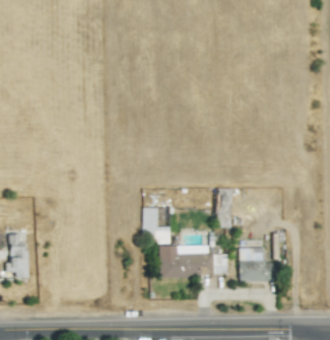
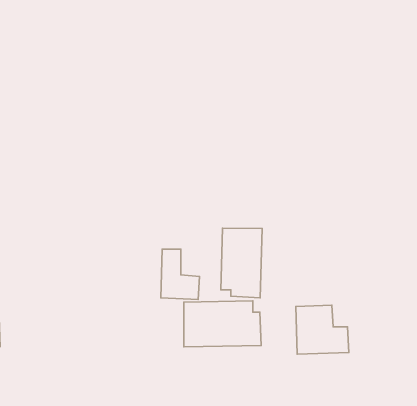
building: none -> [221,228,262,298]

